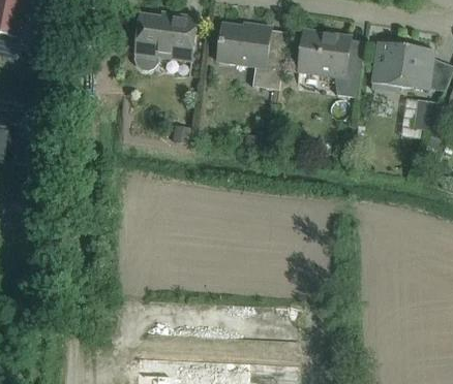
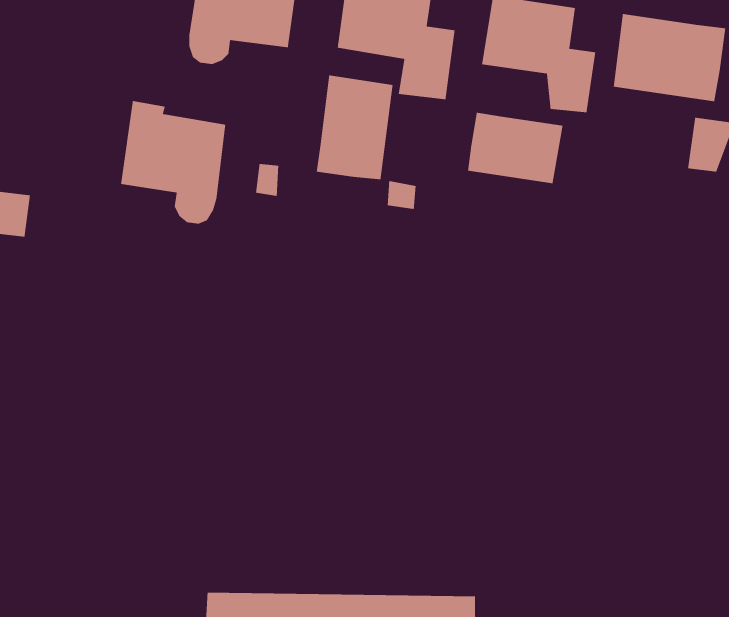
building: none -> [316,75,393,180]
building: none -> [120,100,226,225]
building: none -> [467,112,563,184]

